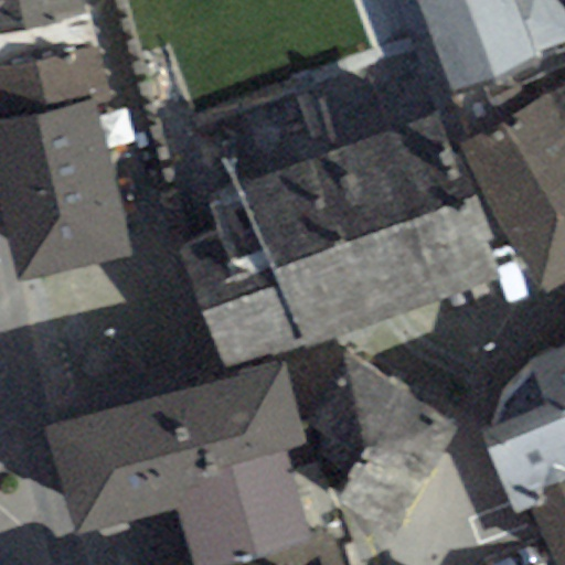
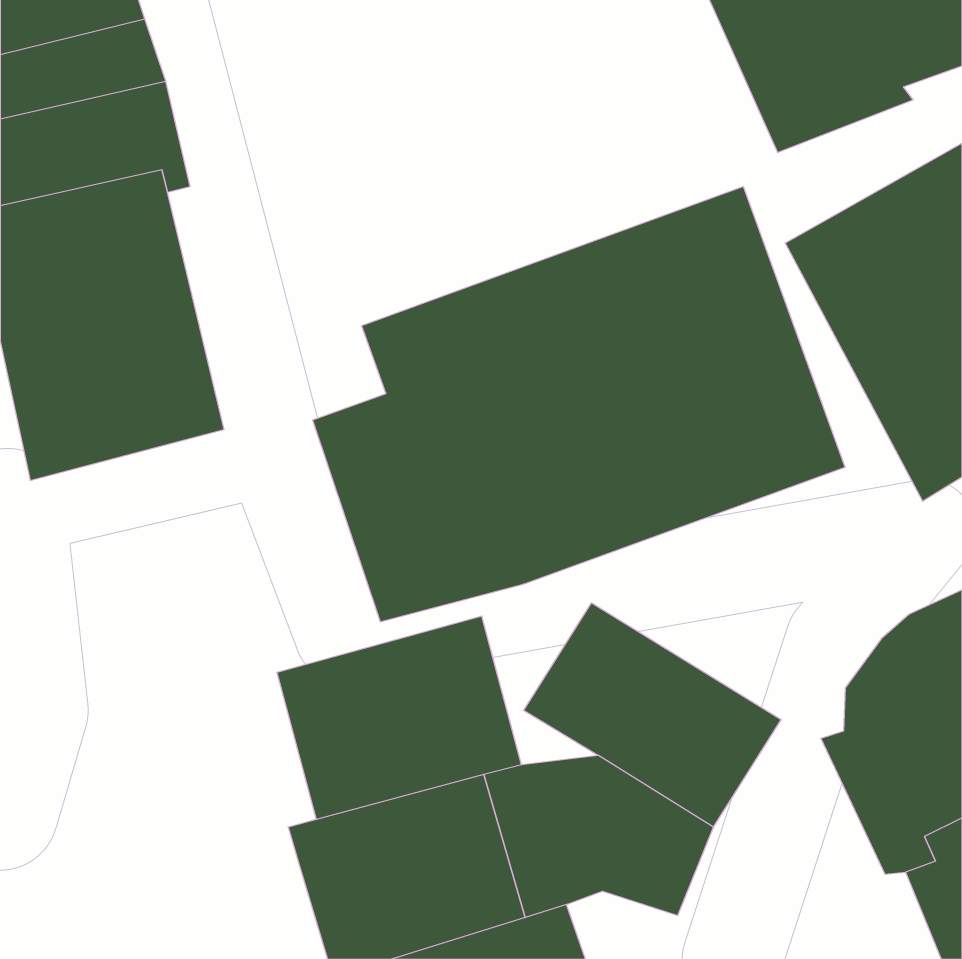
building: [44,394,185,534] -> none

